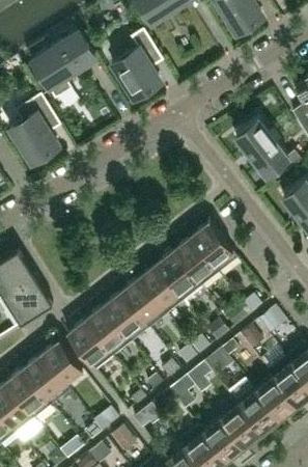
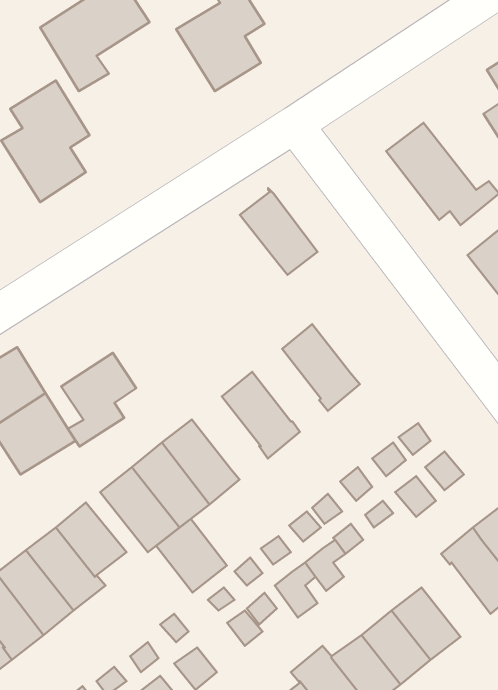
building: [191,220,236,271] -> [240,188,318,275]
building: [156,250,200,299] -> none
building: none -> [61,353,136,446]
building: [120,278,161,321] -> none
building: none -> [156,519,227,593]
building: [255,376,296,419] -> none

